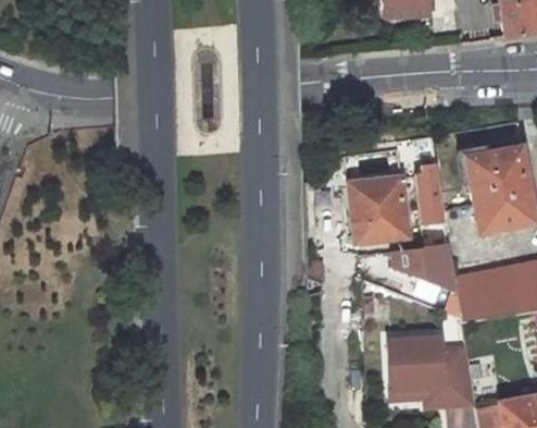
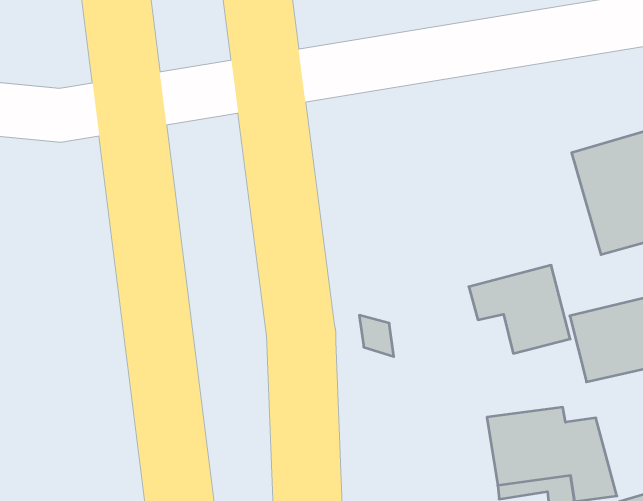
building: [415,169,447,234] -> none
building: [348,175,408,244] -> none

